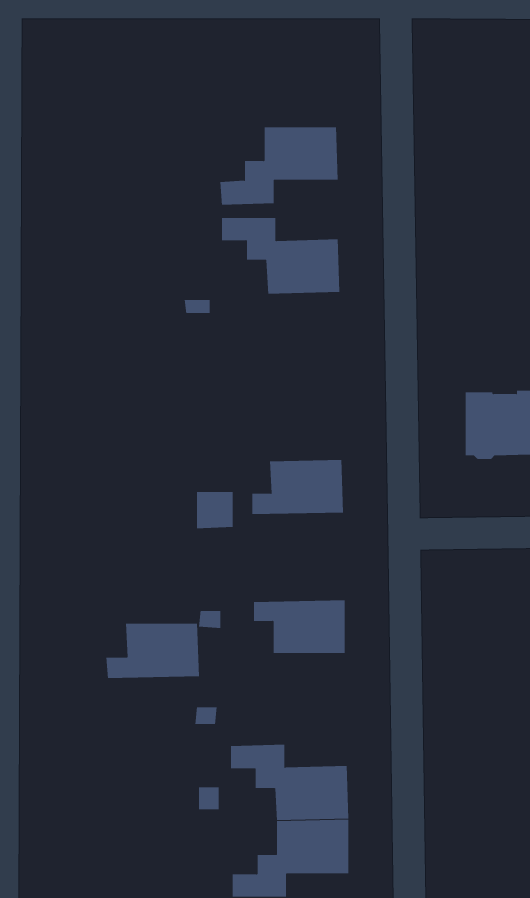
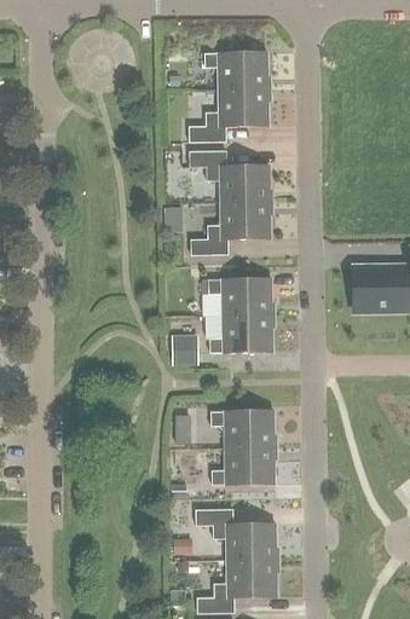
building: none -> [203,51,267,88]
building: none -> [190,201,270,254]
building: none -> [208,277,271,316]
building: [105,623,200,678] -> [210,446,275,484]

